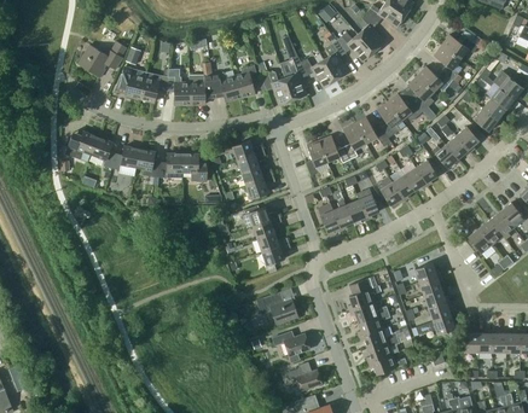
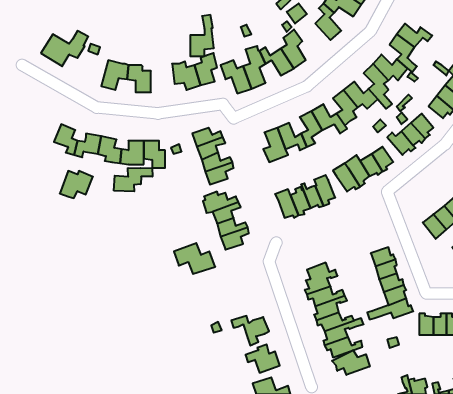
building: [336,31,373,62] -> none
building: [190,62,214,104] -> [190,15,214,56]
building: [114,66,146,98] -> none
building: [64,130,98,158] -> [60,171,93,198]
building: none -> [114,168,152,191]
building: [256,291,298,322] -> [174,243,215,274]
building: none -> [332,350,370,375]

